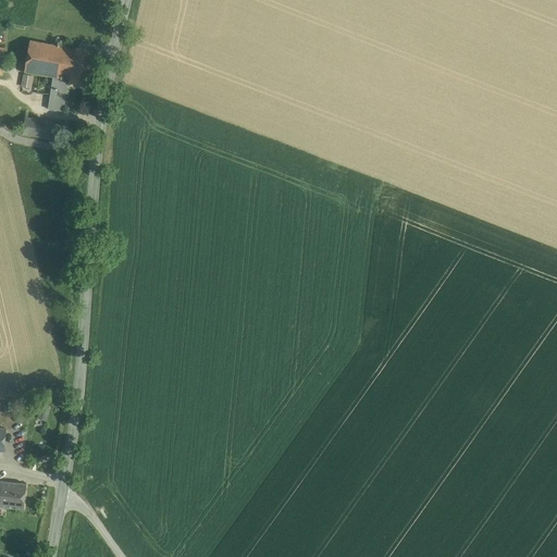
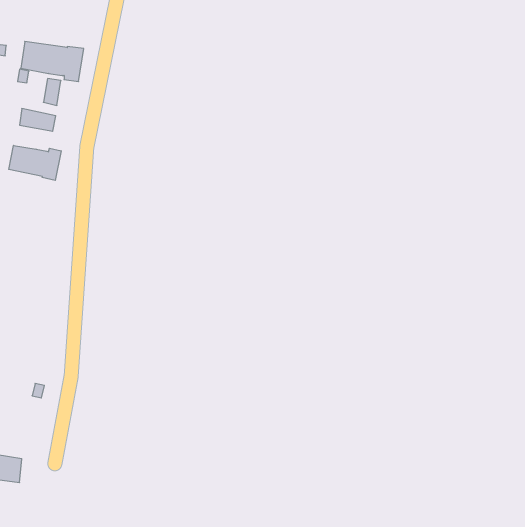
building: none -> [9,145,61,180]

